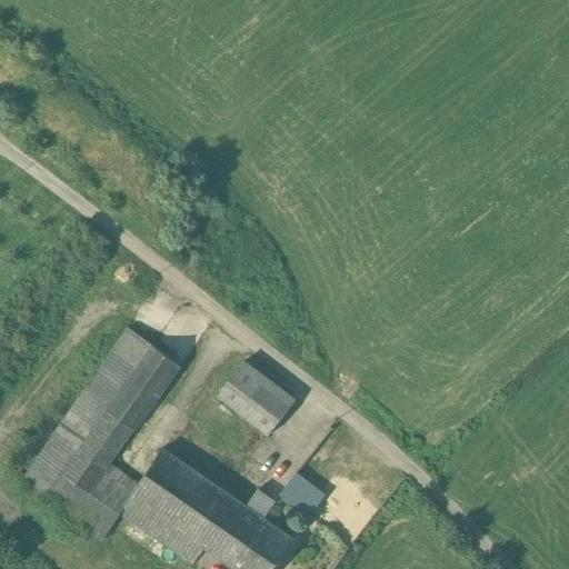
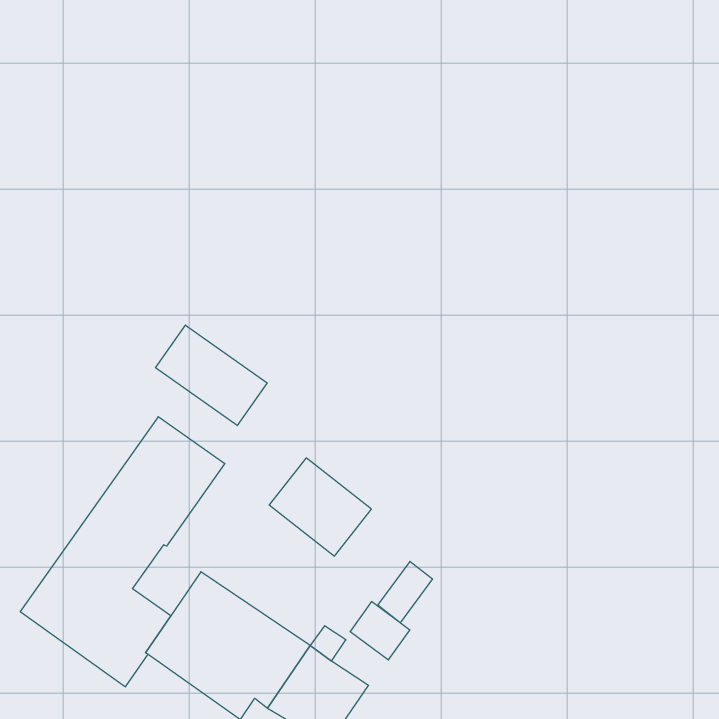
building: none -> [156,325,267,426]
building: none -> [378,561,432,623]

